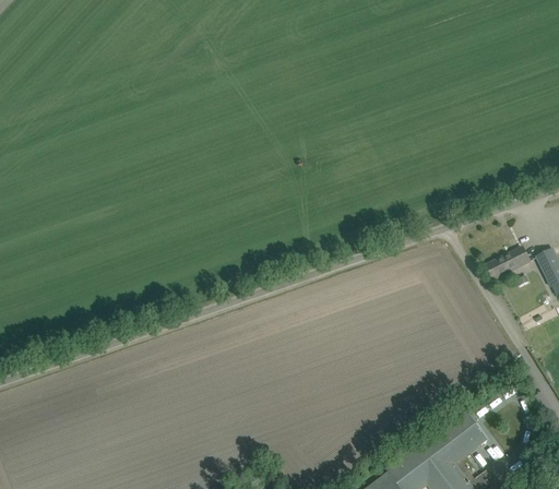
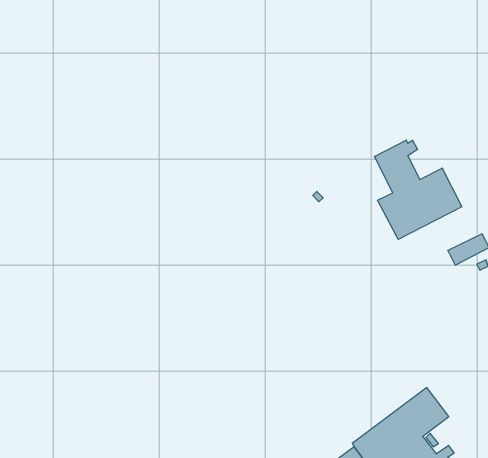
building: none -> [374,140,462,239]

